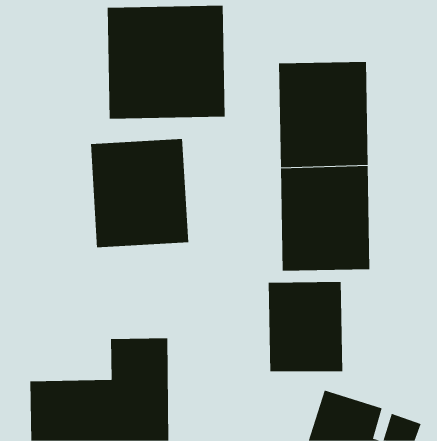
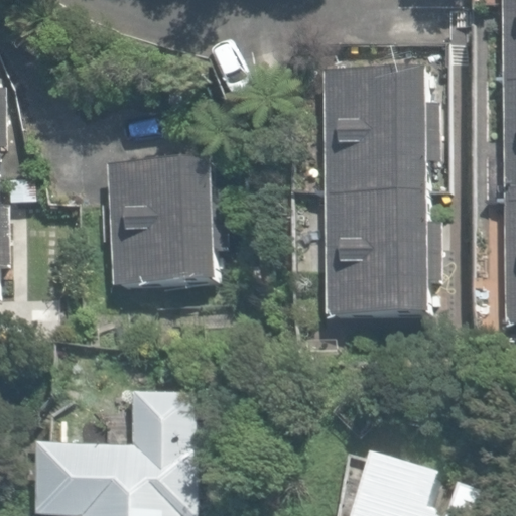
building: [107,5,225,119] -> none
building: [268,281,343,372] -> none

